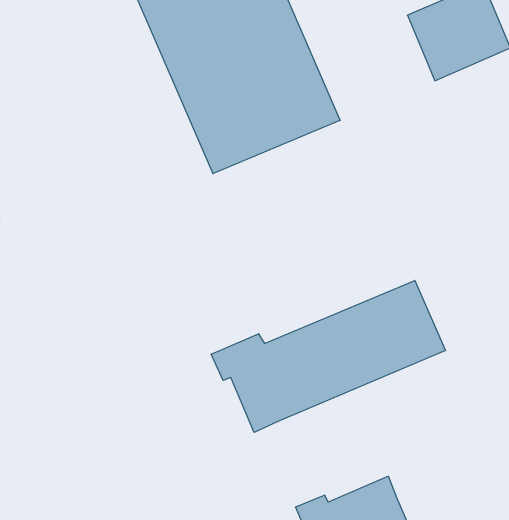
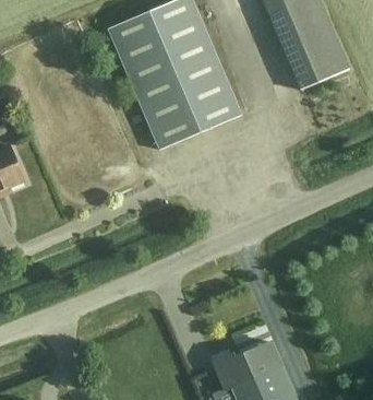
building: [211,280,445,432] -> none

